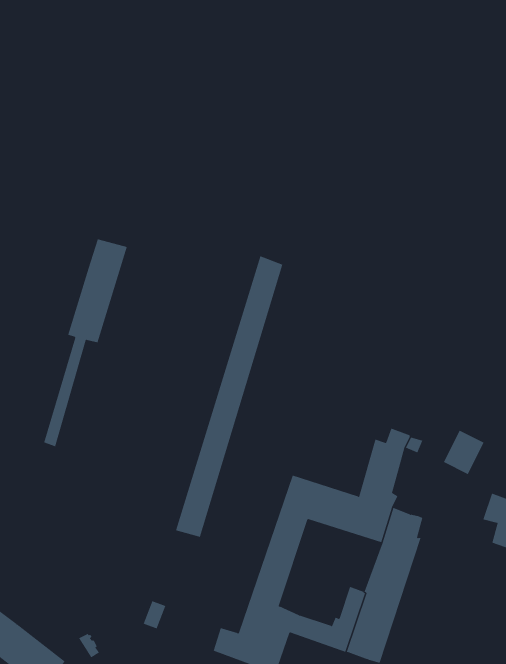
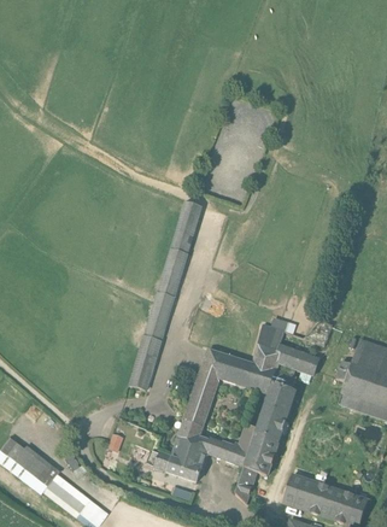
building: [43,238,127,447] -> none
building: none -> [276,342,319,374]

